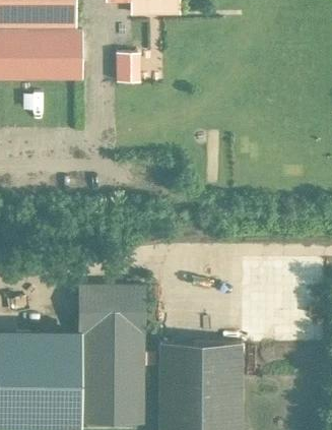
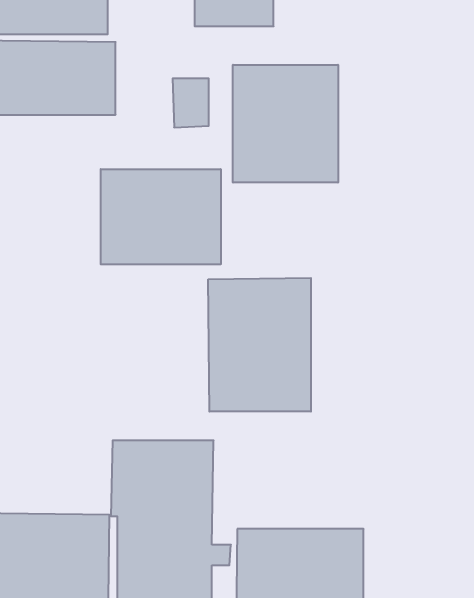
building: none -> [233,65,338,183]
building: none -> [101,169,221,264]
building: none -> [208,278,311,412]

